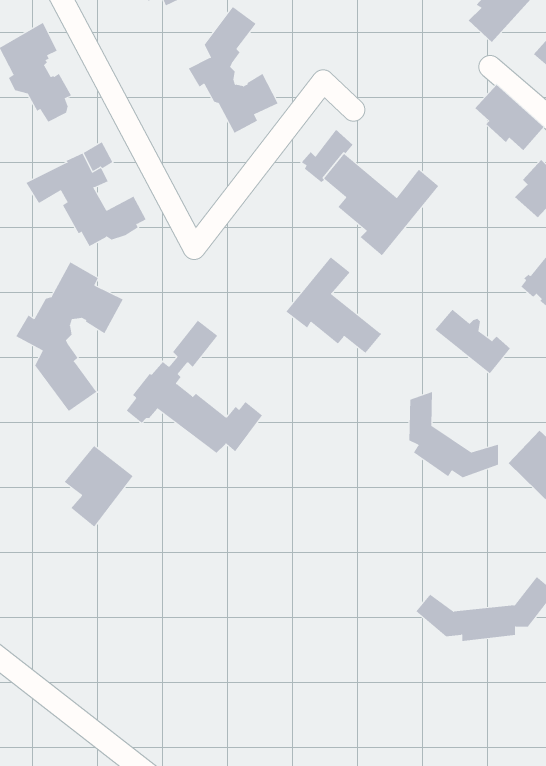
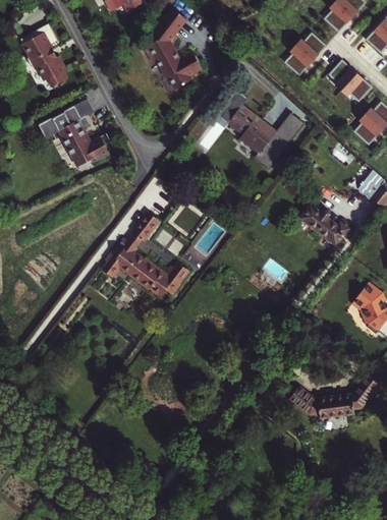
building: none -> [282,34,326,77]
building: [286,256,382,354] -> none
building: [15,262,123,412] -> none
building: [409,391,499,478] -> none
building: [64,445,133,527] -> none

